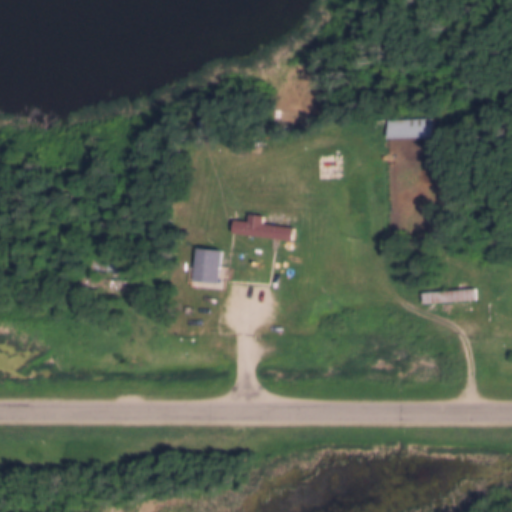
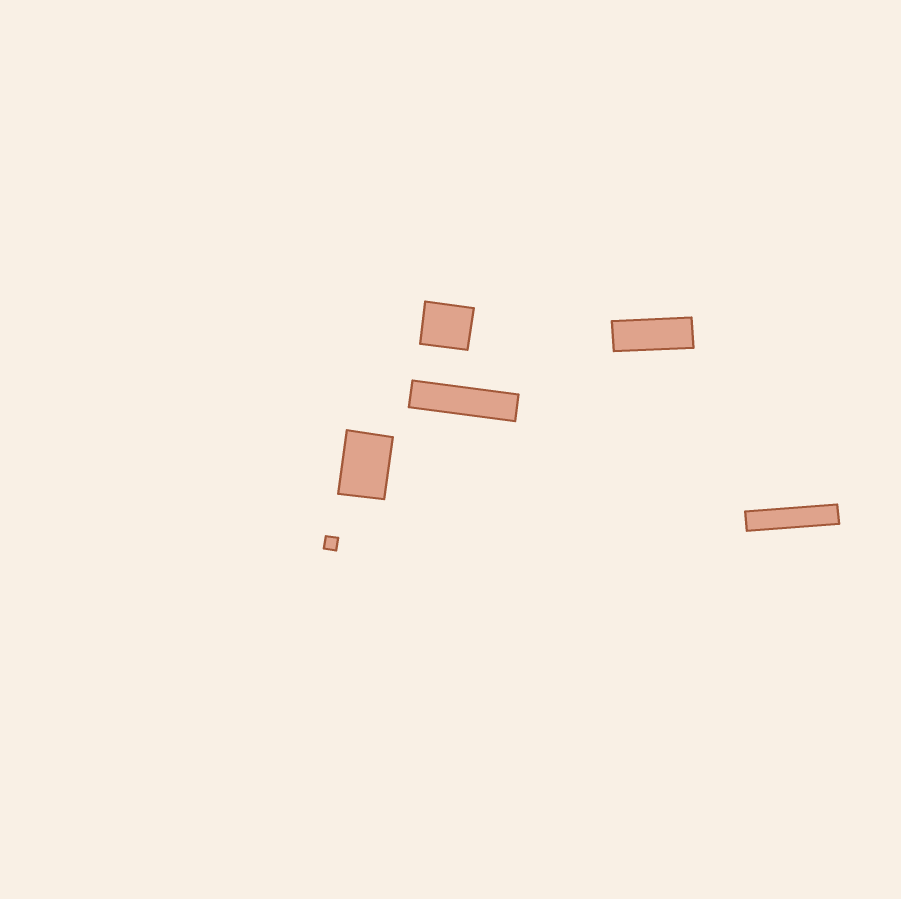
building: [385,118,431,137] -> [612,318,693,351]
building: none -> [420,302,474,350]

